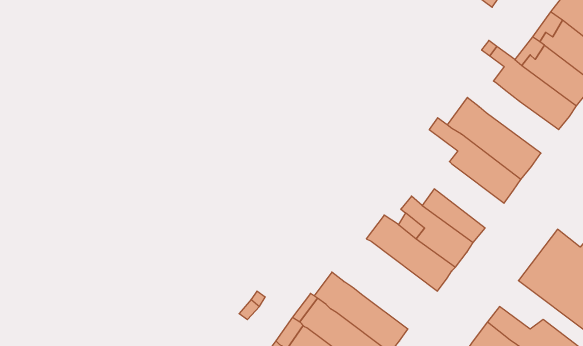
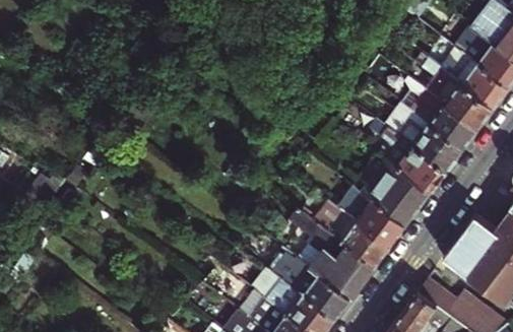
building: none -> [403,84,482,146]
building: none -> [375,155,435,210]
building: none -> [290,205,378,296]

